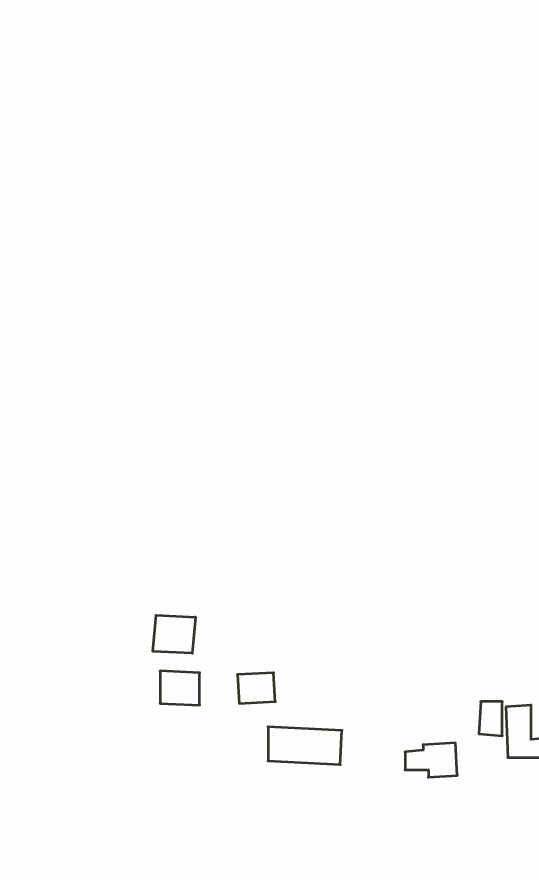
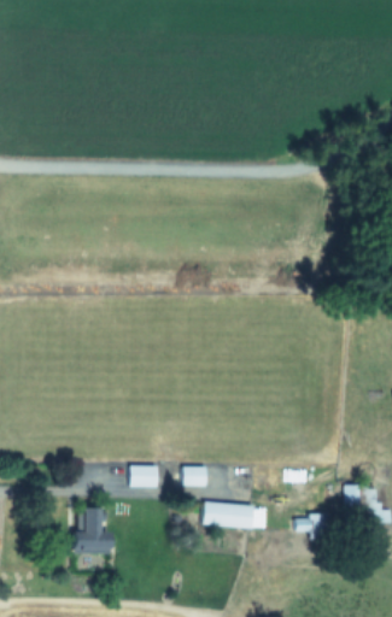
building: [153,615,195,653] -> none
building: none -> [72,510,111,554]

